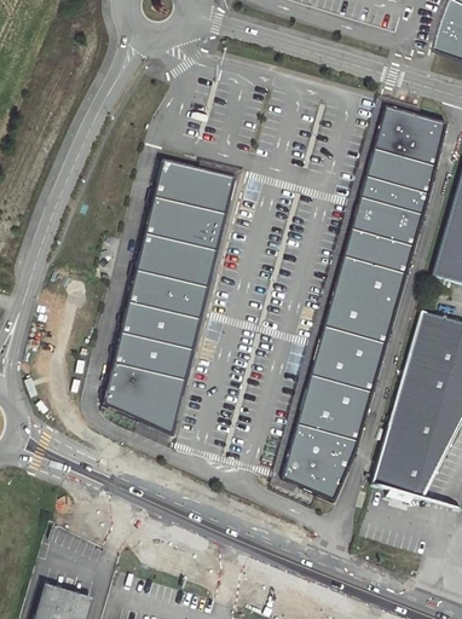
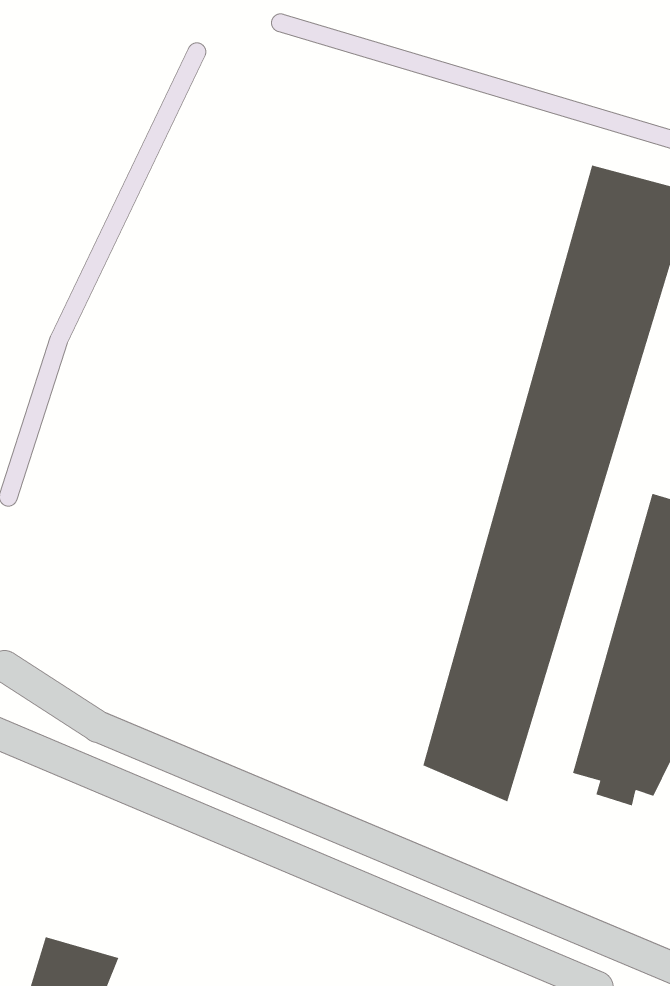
building: [103,158,236,435] -> none

